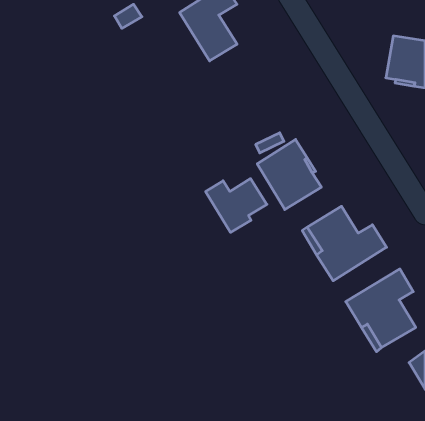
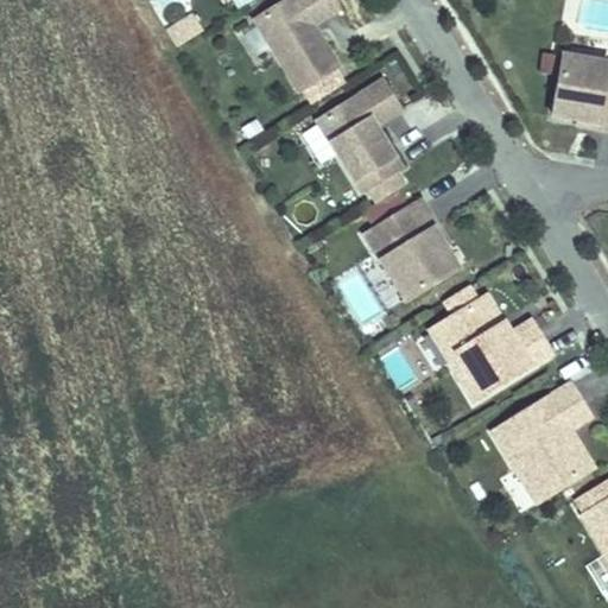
building: none -> [317,77,399,188]
building: [206,179,267,232] -> none

